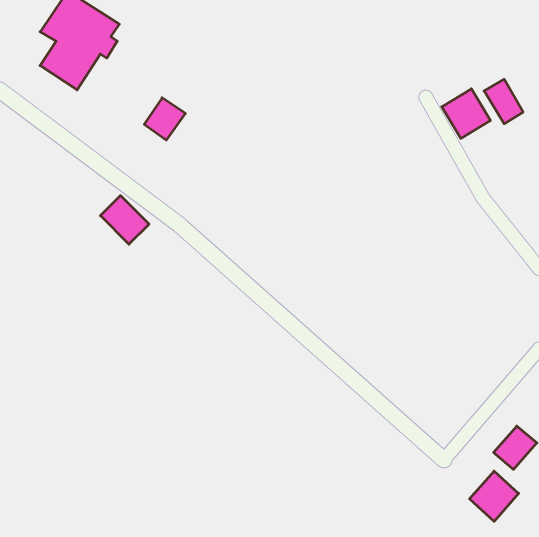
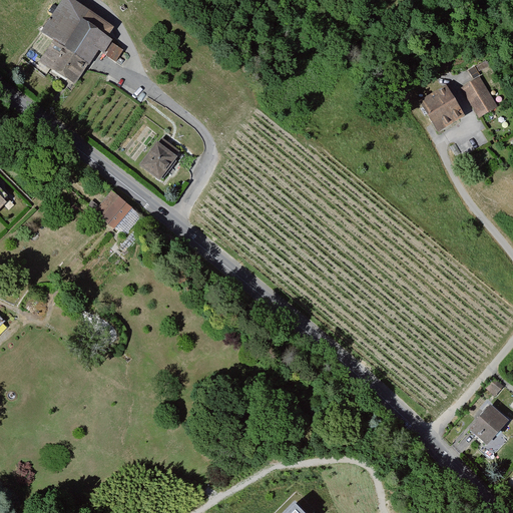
building: [144,98,185,140] -> [139,140,178,180]
building: [470,471,519,521] -> none

